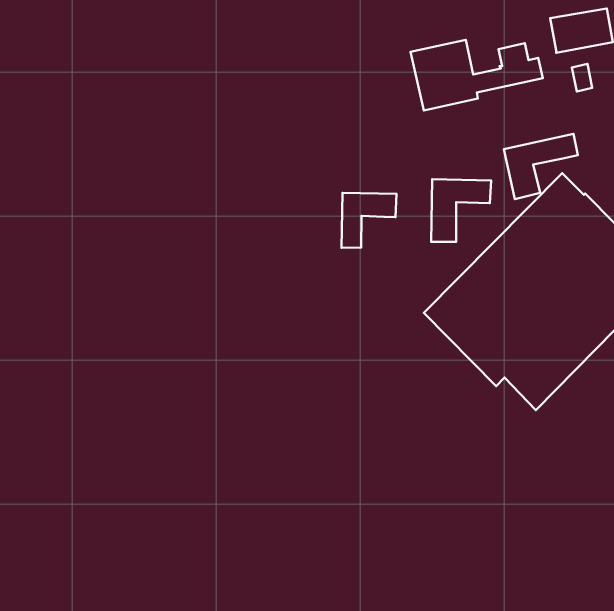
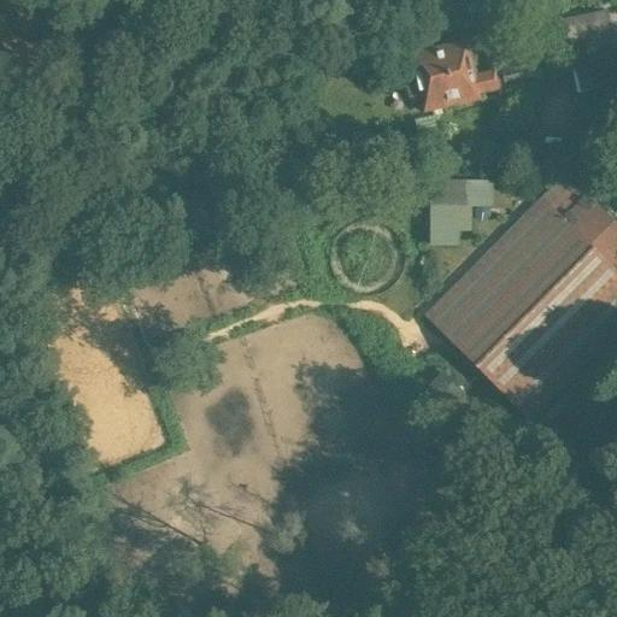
building: [504,134,578,199] -> none
building: [342,193,396,248] -> none

